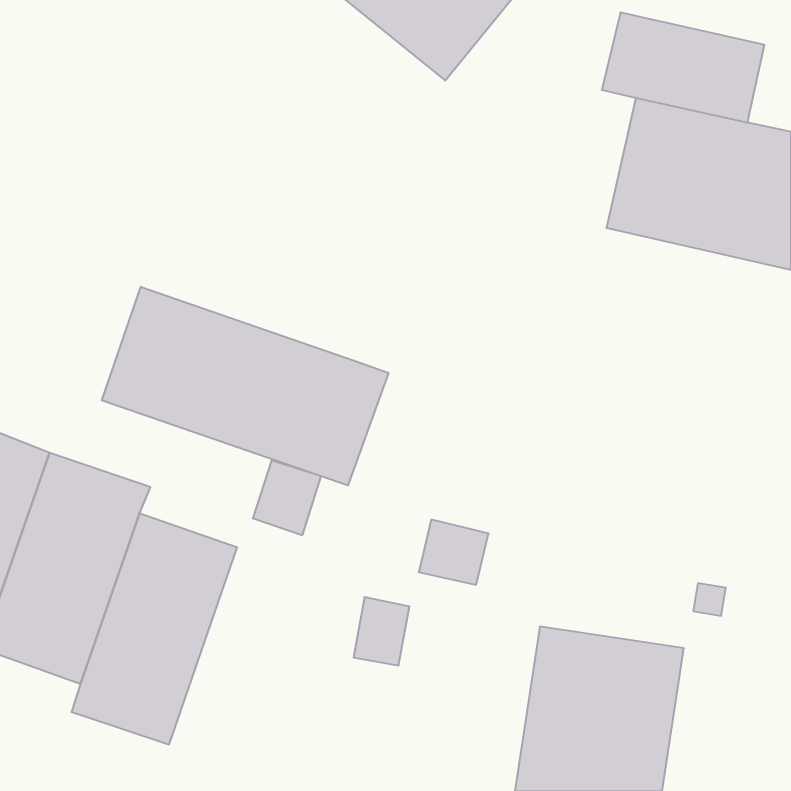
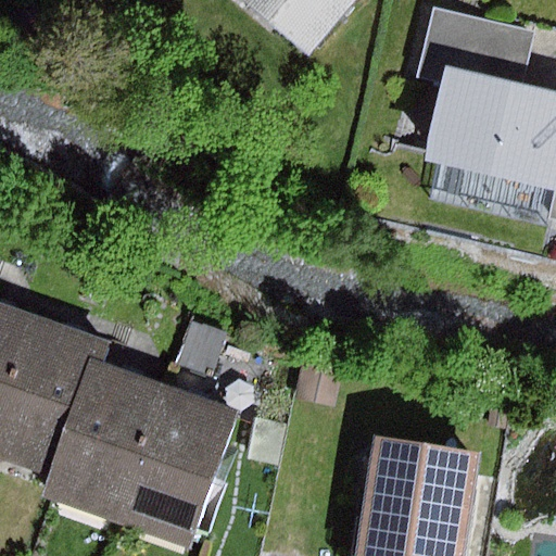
building: [102,287,388,485] -> none
building: none -> [118,383,236,545]

